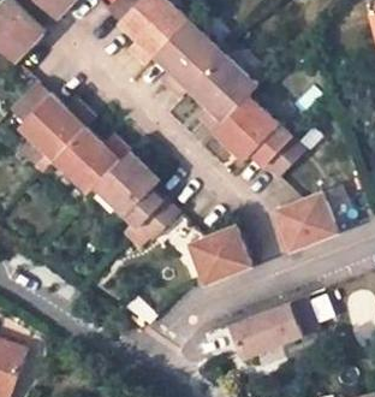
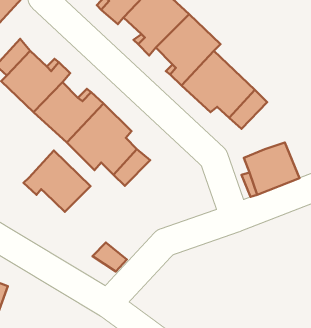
building: none -> [23,150,91,212]
building: [194,227,250,284] -> none
building: [233,295,320,357] -> none

